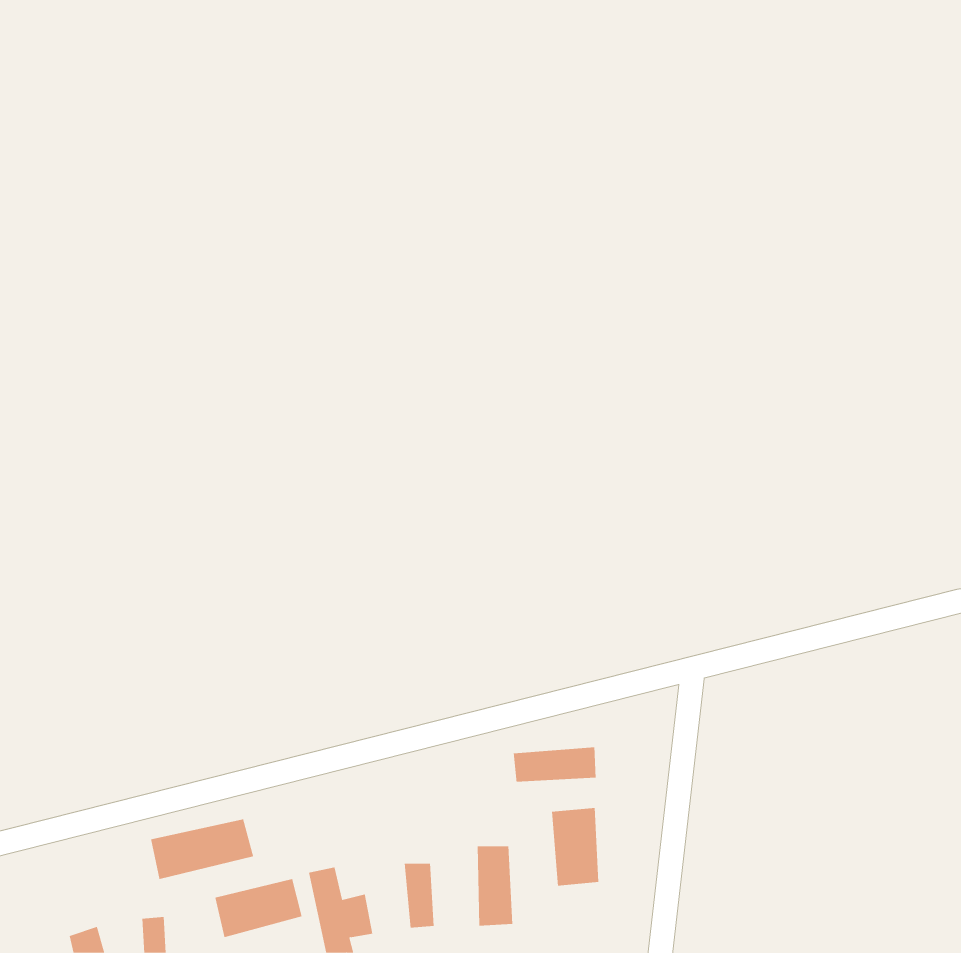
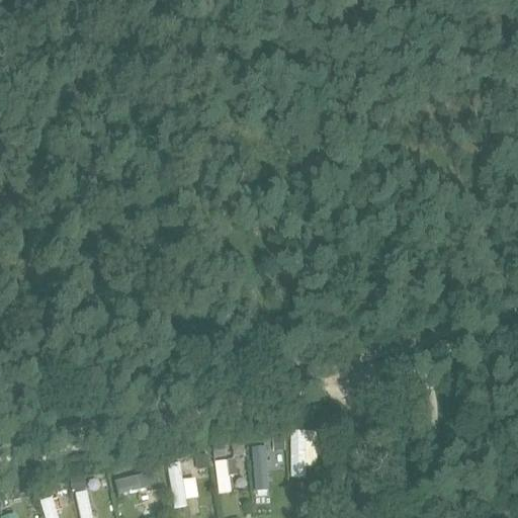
building: [513,747,596,783] -> none
building: [151,819,254,880] -> none

